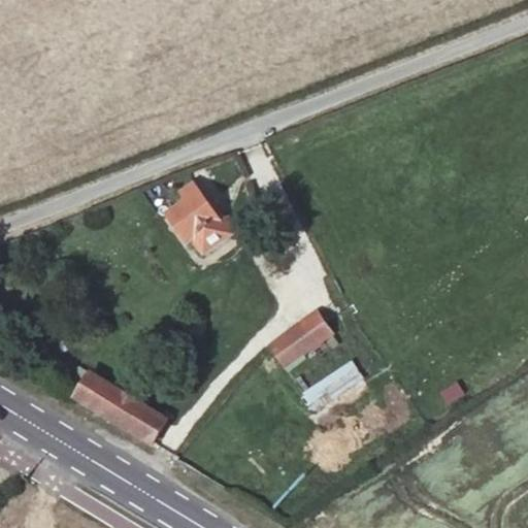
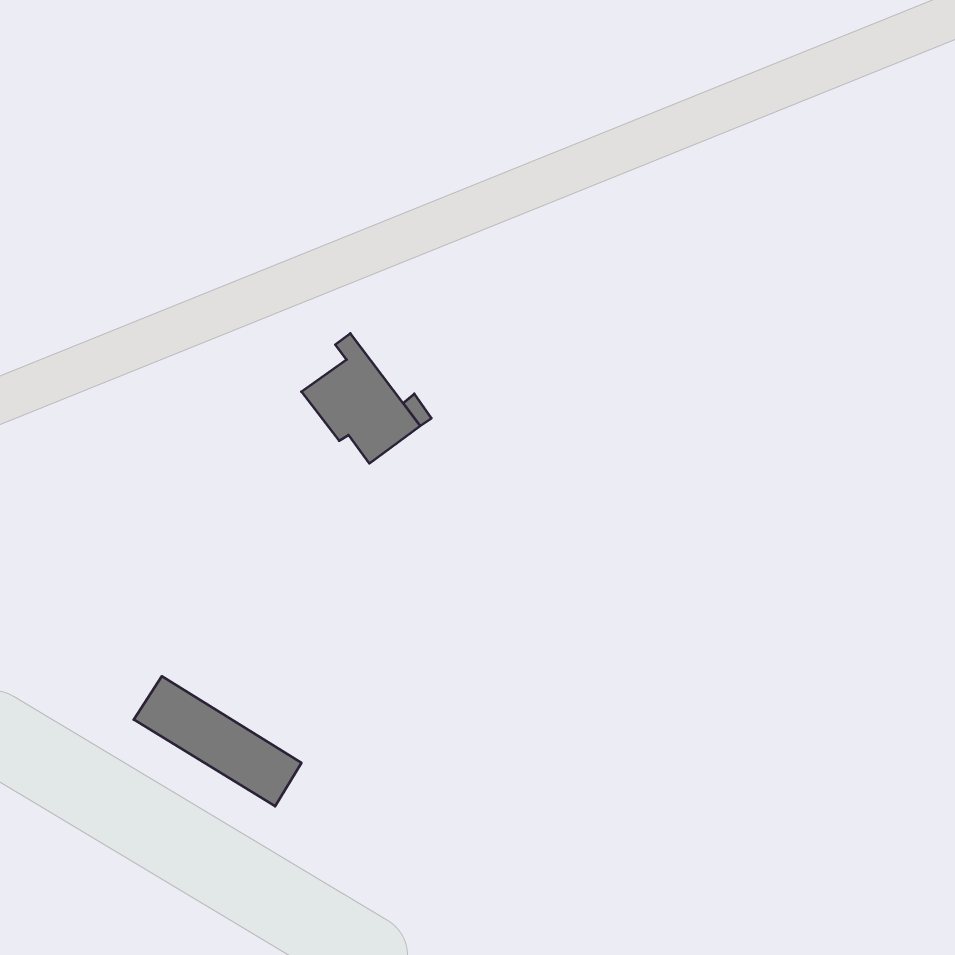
building: [269,314,330,367] -> none
building: [302,360,360,410] -> none

